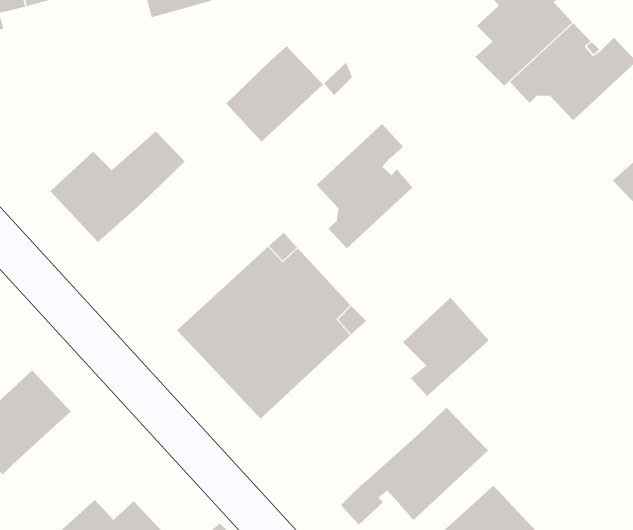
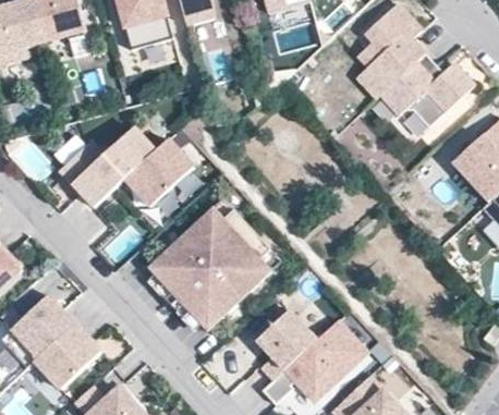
building: [226,46,324,142] -> [124,139,193,207]
building: [316,123,413,249] -> none
building: [402,297,490,397] -> [256,309,317,379]
building: none -> [35,325,101,390]

